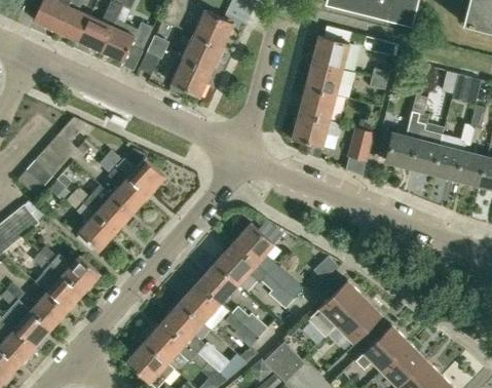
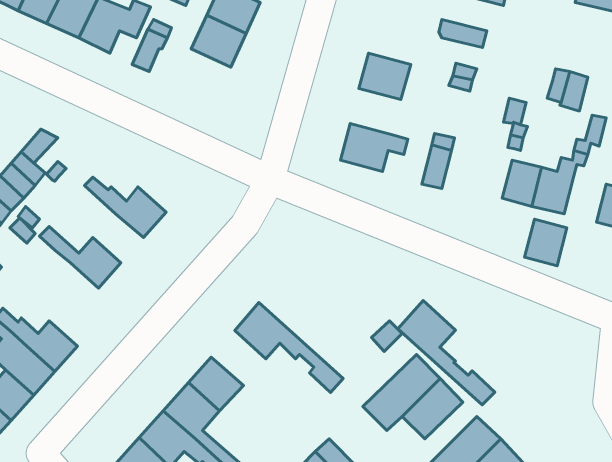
building: [312,36,349,70] -> none
building: [171,59,212,98] -> none
building: [299,87,336,121] -> none
building: [380,131,417,167] -> none
building: [455,151,486,185] -> [525,219,567,266]
building: [100,158,148,215] -> none
building: [67,195,115,251] -> none
building: [232,223,303,299] -> [398,301,495,405]
building: [197,264,237,304] -> none
building: [227,309,268,348] -> none

